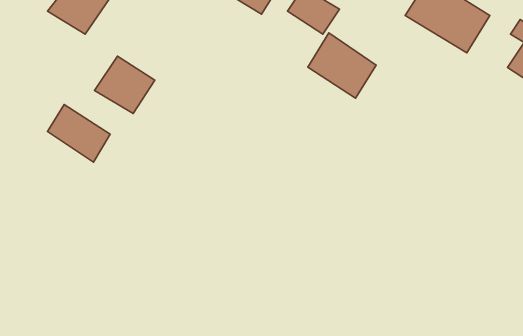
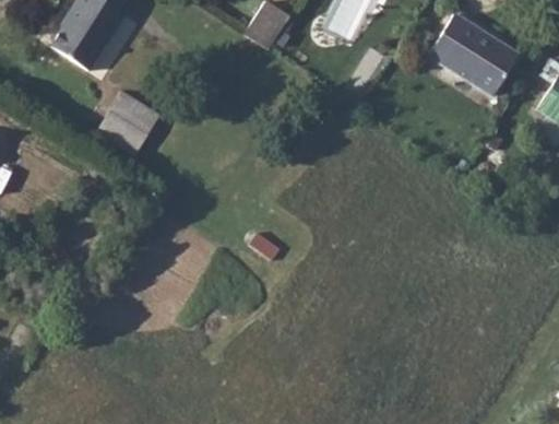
building: [308,33,376,98] -> none
building: [47,105,110,162] -> none

